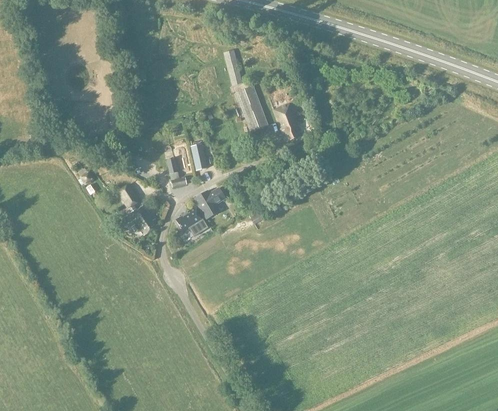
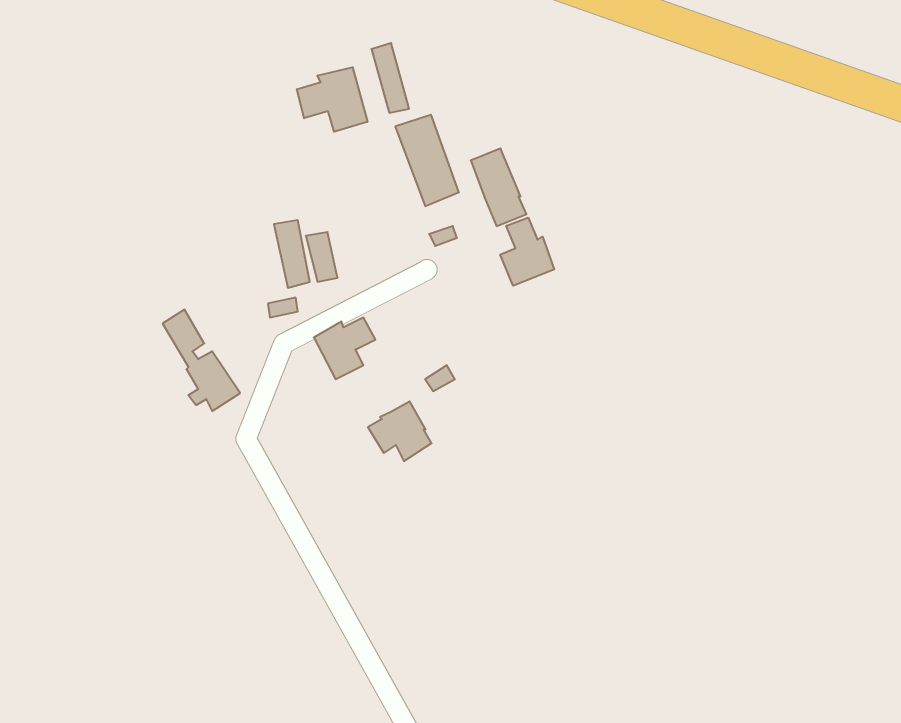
building: none -> [297,67,367,132]
building: none -> [500,218,554,286]
building: [176,206,208,236] -> [368,401,432,461]

